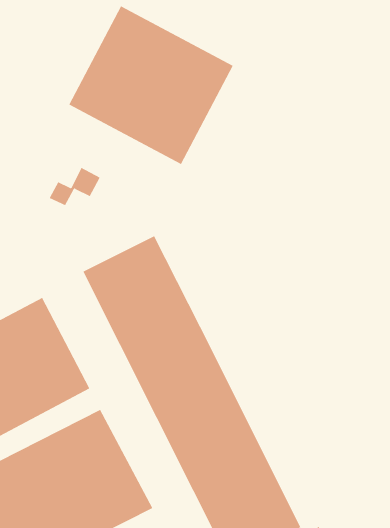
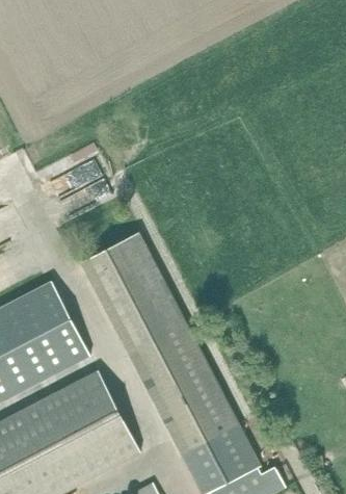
building: [68,5,234,165] -> none

